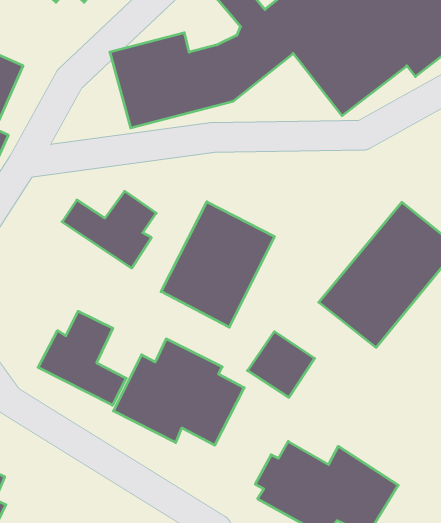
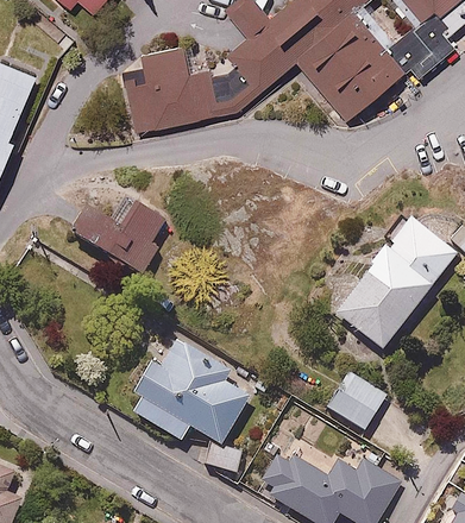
building: [161,202,274,327] -> none
building: [38,311,126,405] -> none
building: [247,332,315,397] -> [322,368,388,433]

